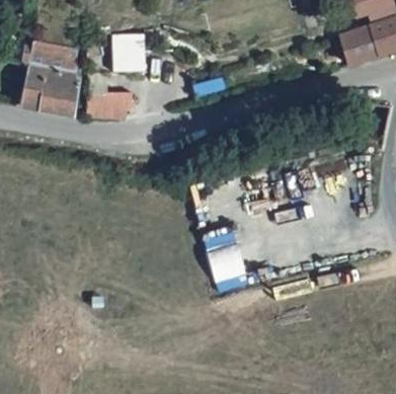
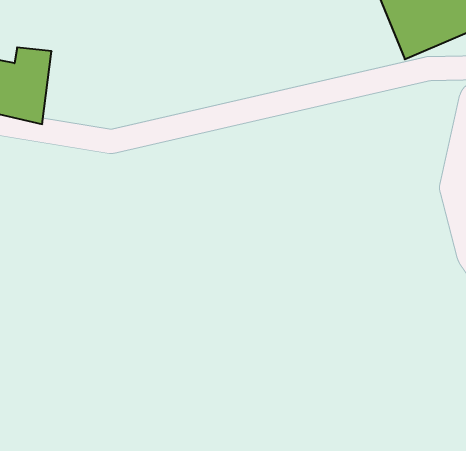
building: [113,33,144,70] -> none
building: [86,95,130,119] -> none

